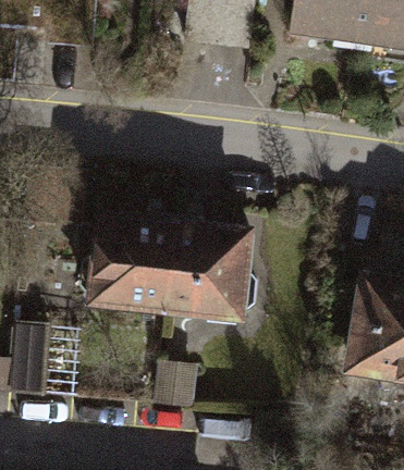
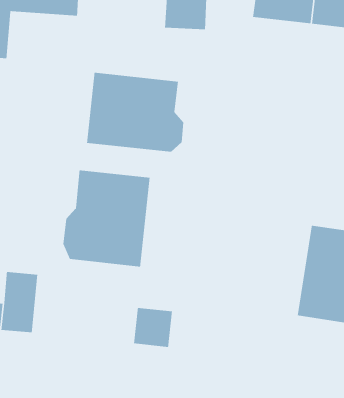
building: none -> [86,72,184,153]
building: [167,215,260,325] -> none

